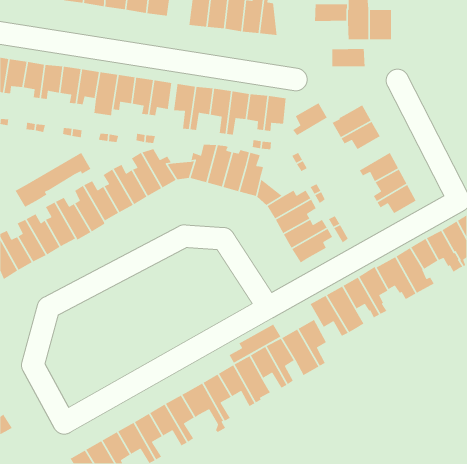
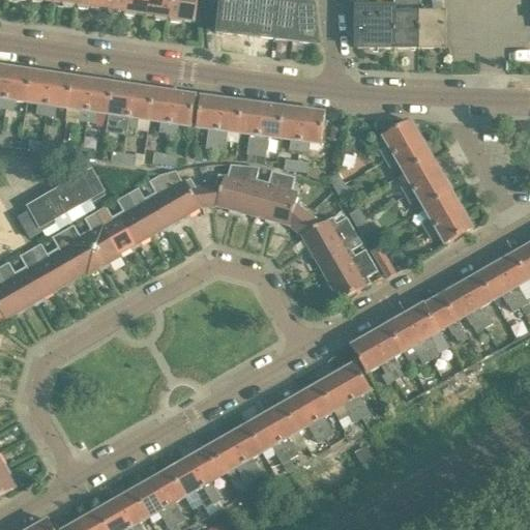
building: [332,48,365,67] -> [355,24,393,46]
building: [292,102,328,136] -> [401,154,441,193]
building: [228,324,282,364] -> none

